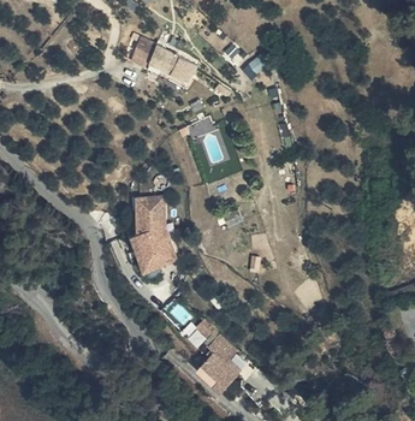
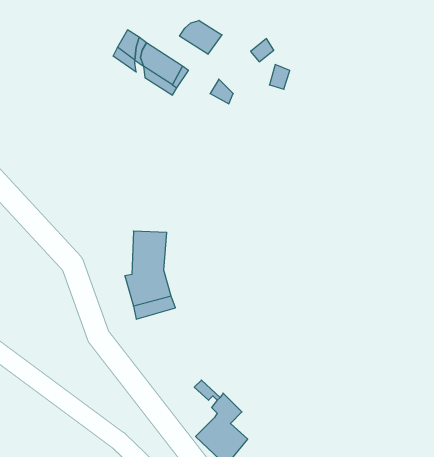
building: none -> [180,20,222,54]

